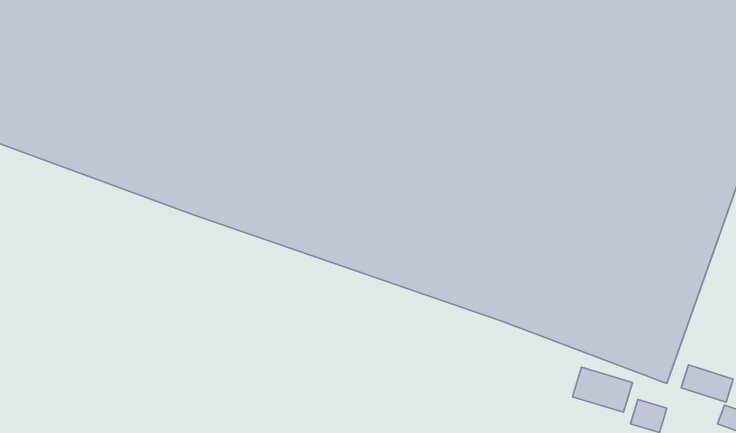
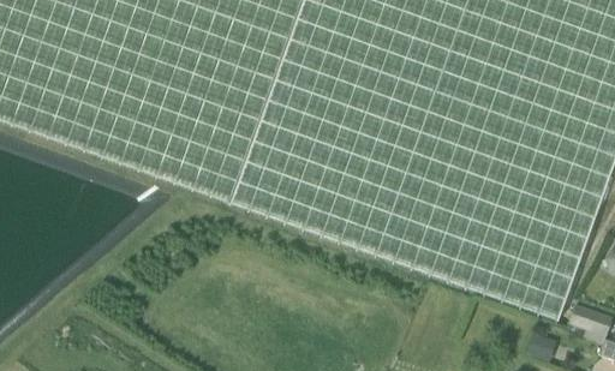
building: [572,367,633,412] -> none

